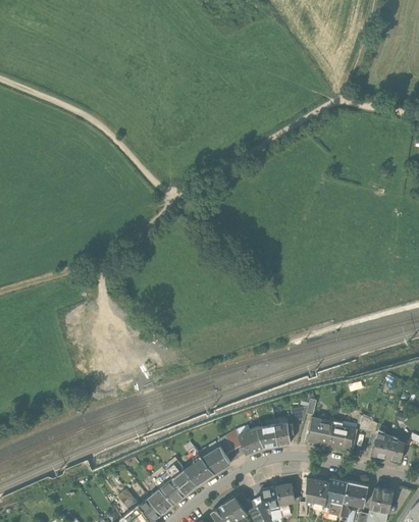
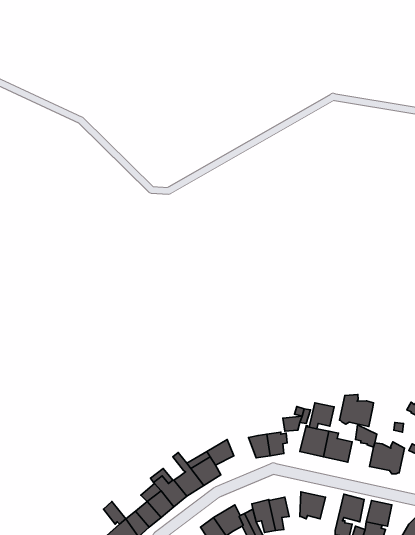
building: none -> [340,394,374,426]
building: none -> [309,403,334,429]
building: [238,424,265,454] -> none
building: [325,478,349,516] -> none

